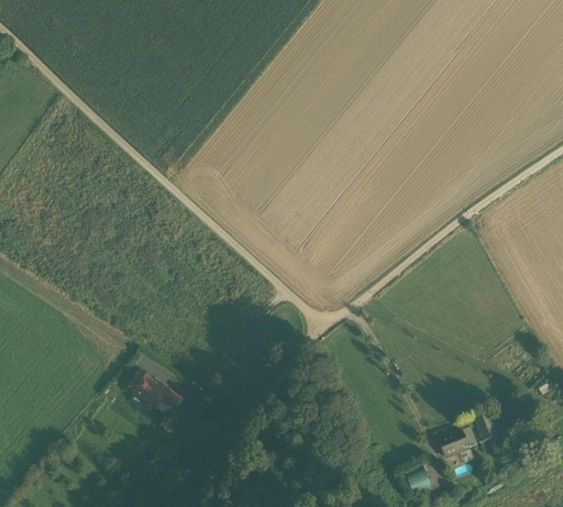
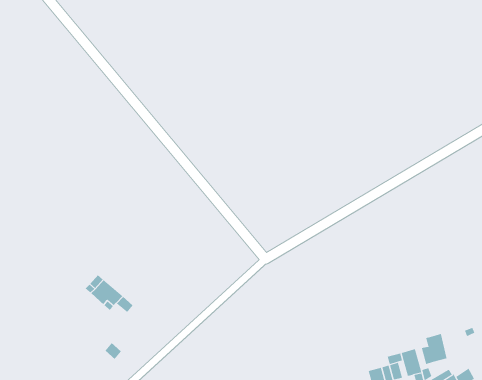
building: none -> [421,333,447,365]

